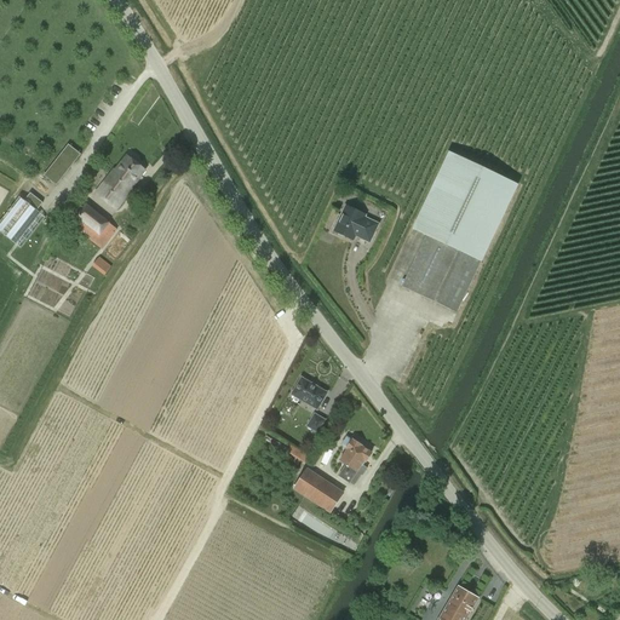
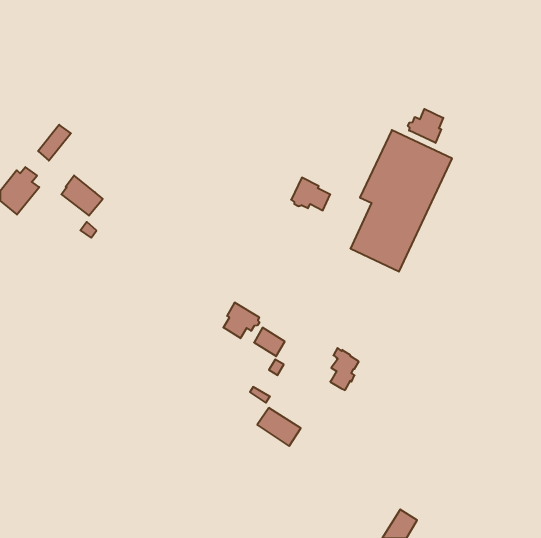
building: none -> [408,109,443,143]
building: [94,154,145,208] -> none
building: none -> [223,302,259,338]
building: [338,435,371,483] -> [330,348,359,390]

